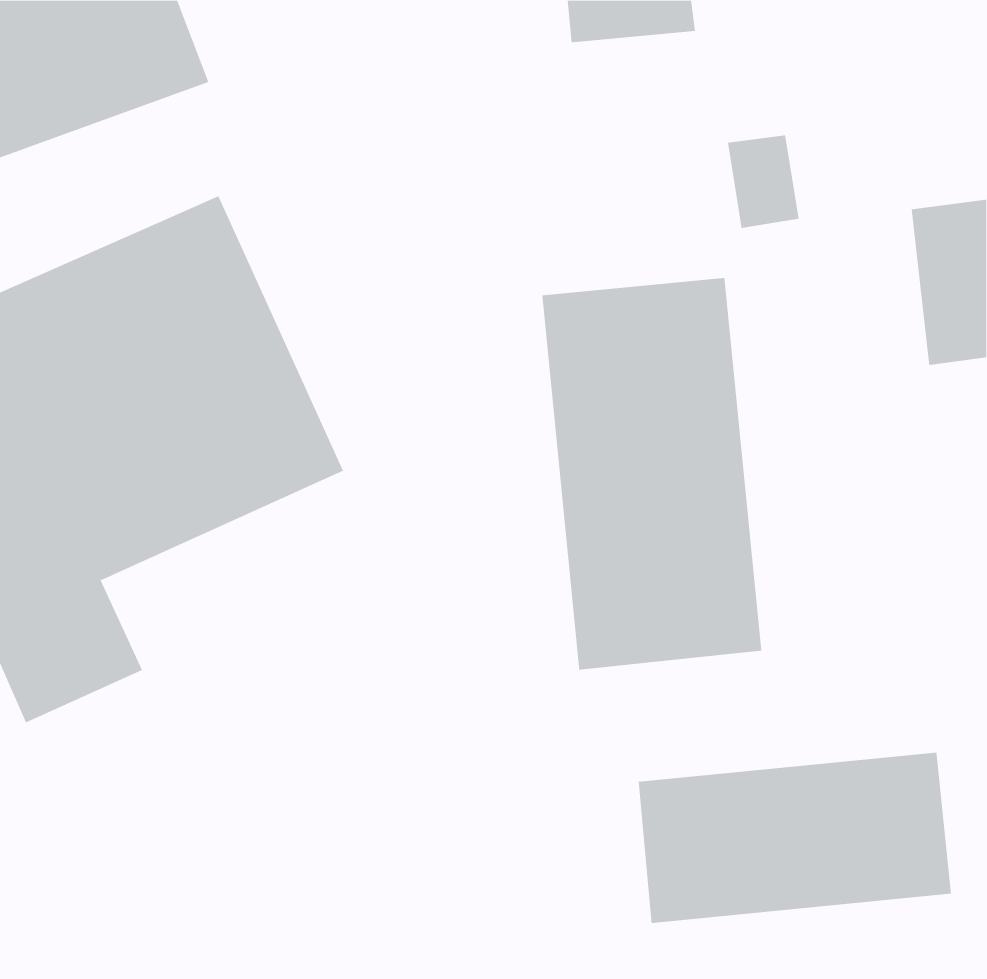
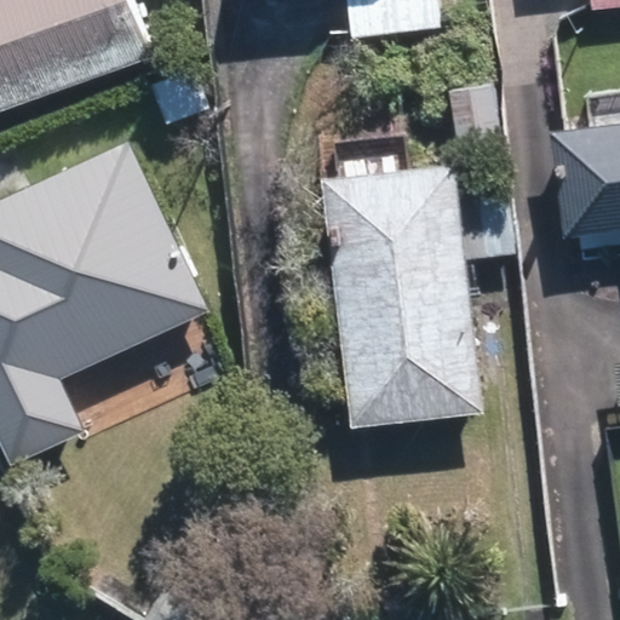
building: [638,752,951,924] -> none

